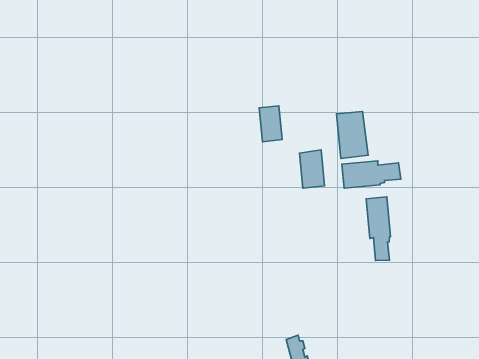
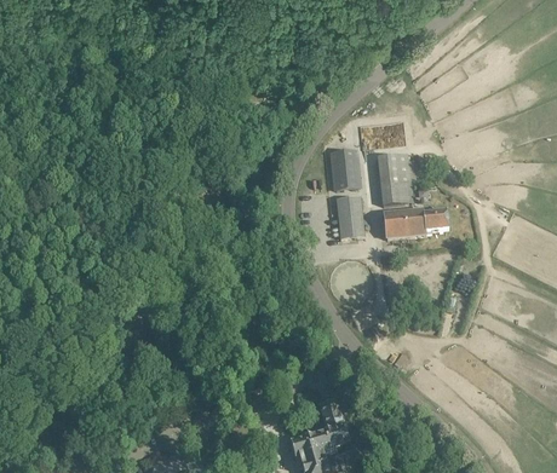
building: [259,106,282,142] -> [333,150,358,190]
building: [366,197,390,261] -> none

